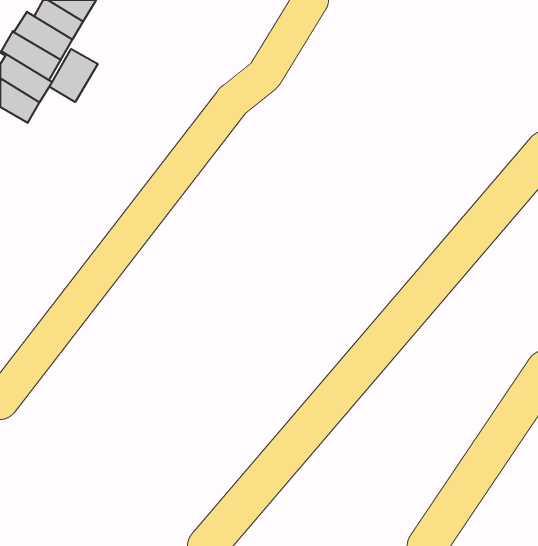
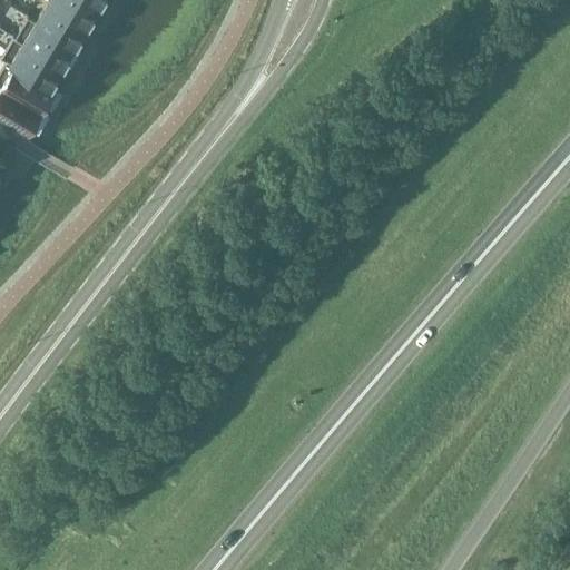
building: [50,49,98,102] -> none

